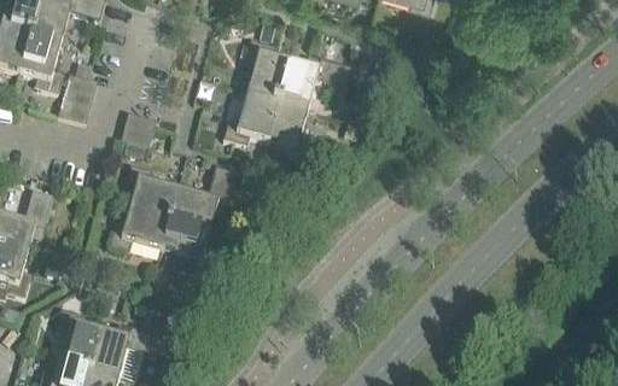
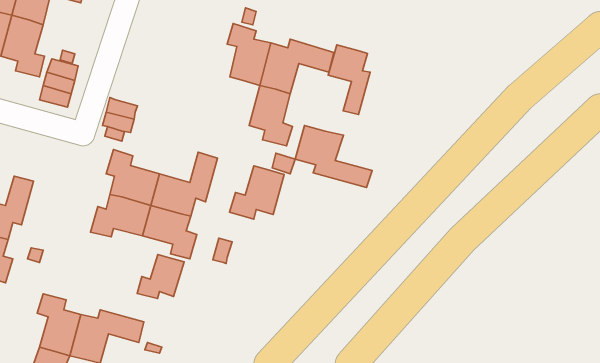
building: none -> [328,45,370,114]
building: [222,94,276,147] -> [230,166,284,219]
building: none -> [295,125,372,188]
building: none -> [137,254,184,299]

